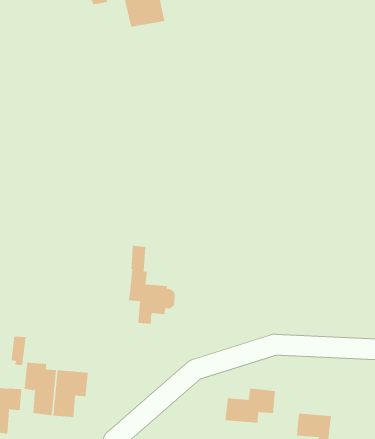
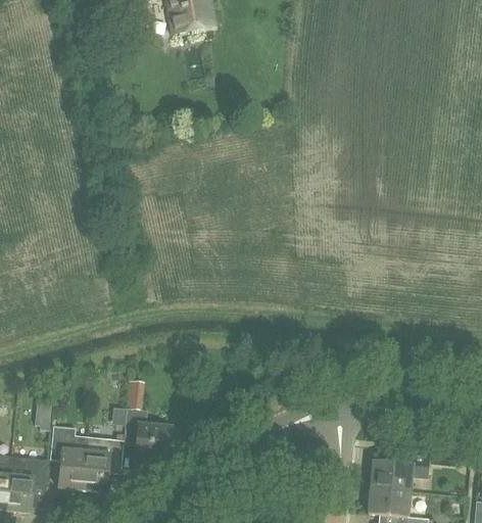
building: [128,245,176,324] -> [124,379,180,472]
building: [224,388,276,423] -> [371,449,431,490]

